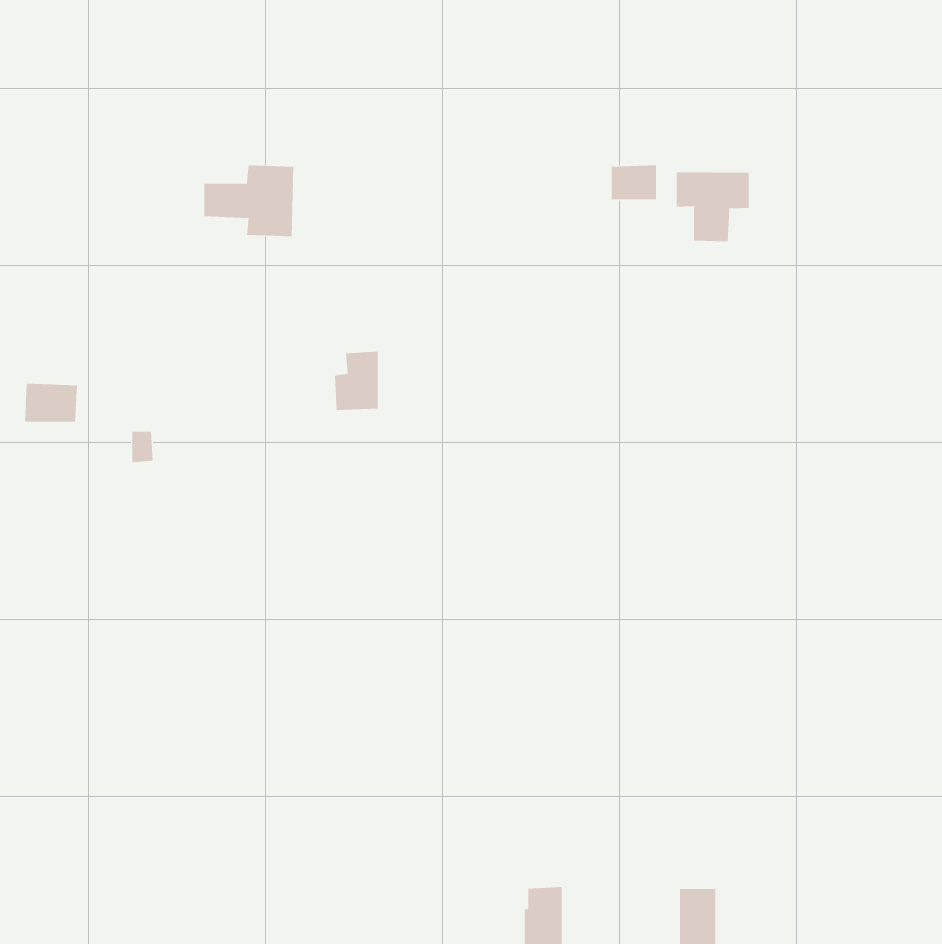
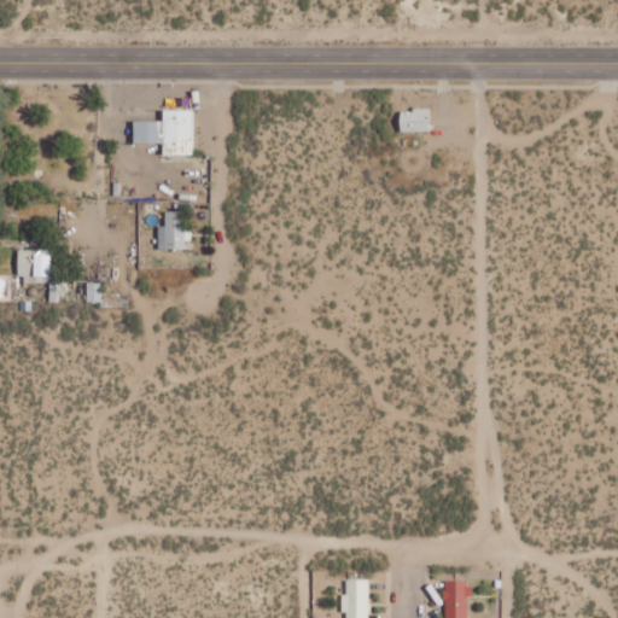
building: [676,172,749,242] -> none
building: [334,351,378,411] -> [156,211,185,250]

